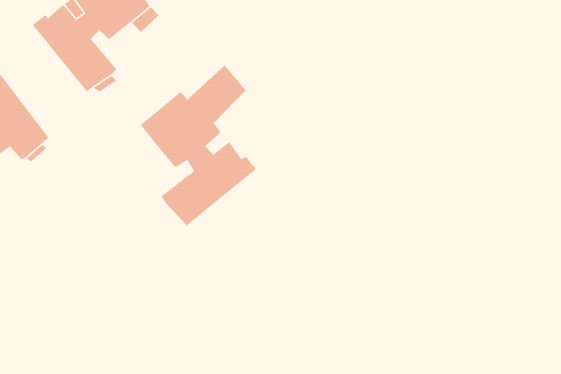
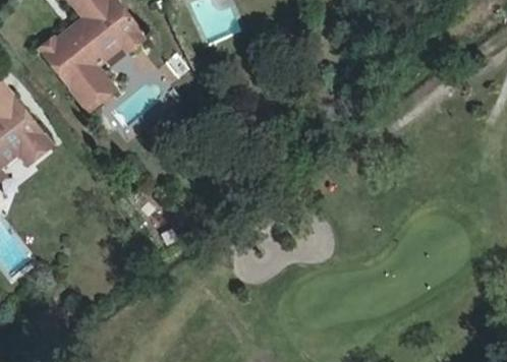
building: [140,65,257,226] -> none

